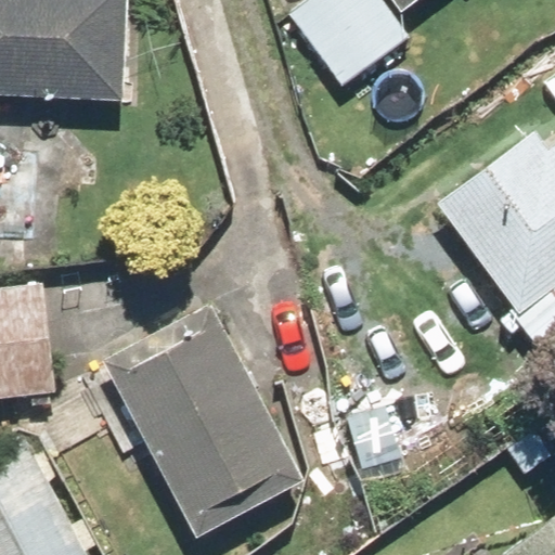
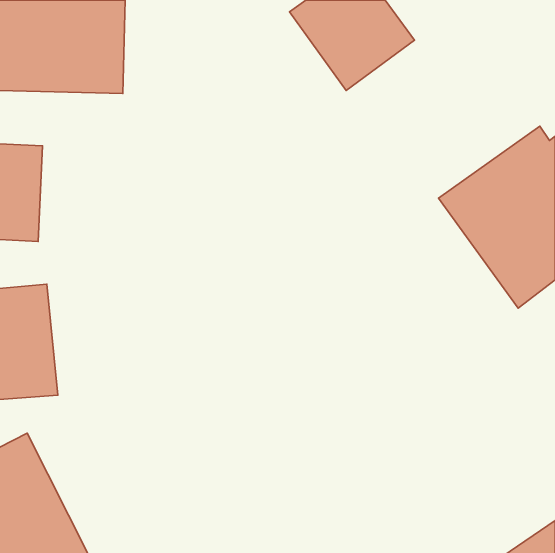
building: [103,305,301,533] -> none

